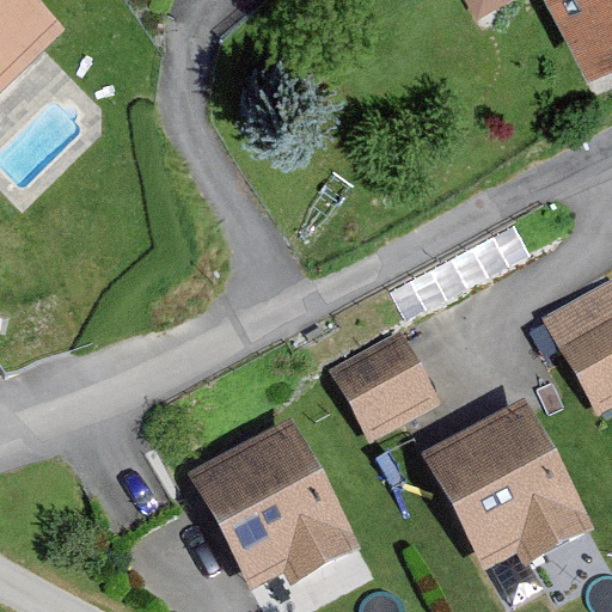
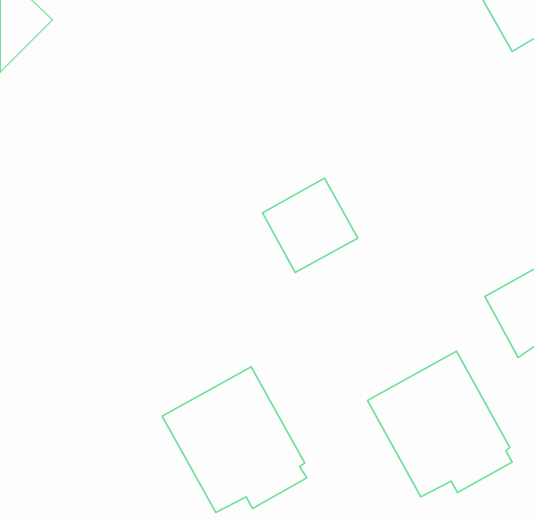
building: [332,330,441,437] -> [263,178,358,273]

